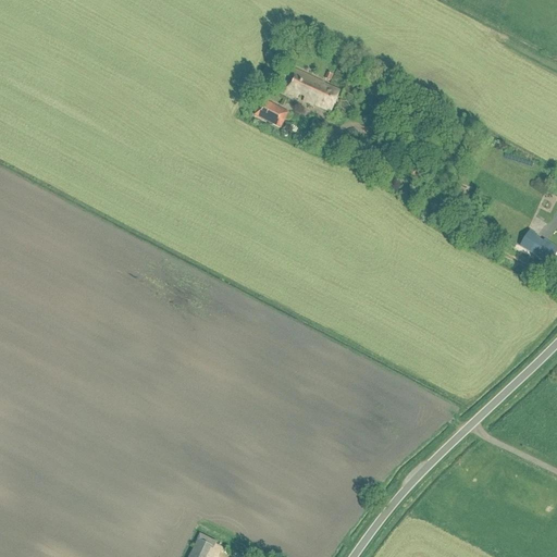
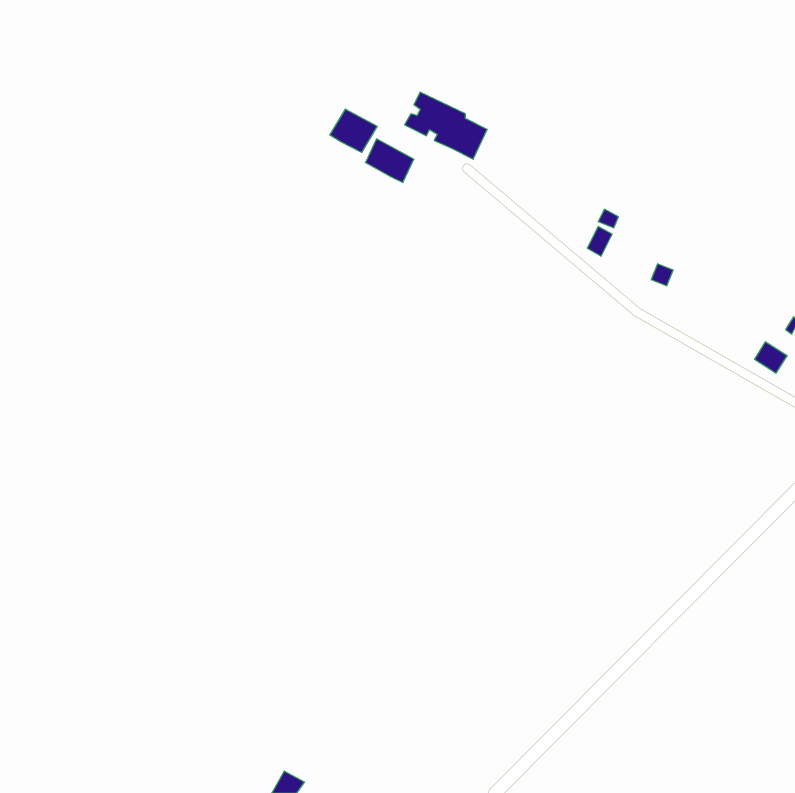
building: none -> [330,109,377,152]

